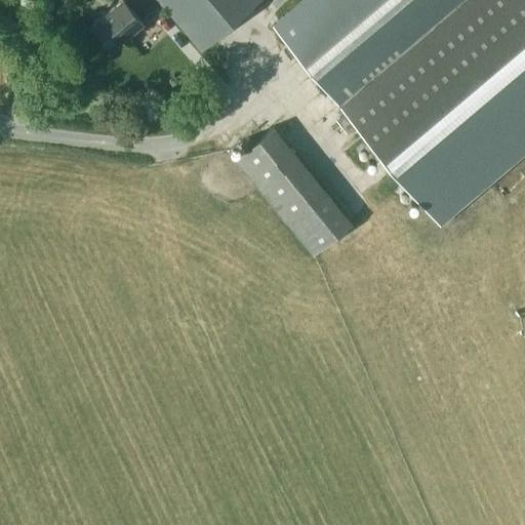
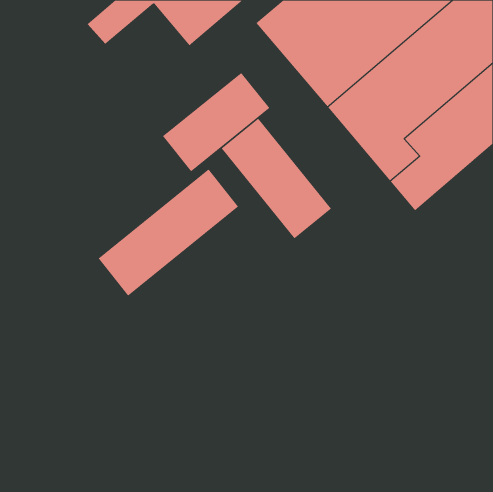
building: none -> [162,72,270,172]
building: none -> [98,168,239,296]

